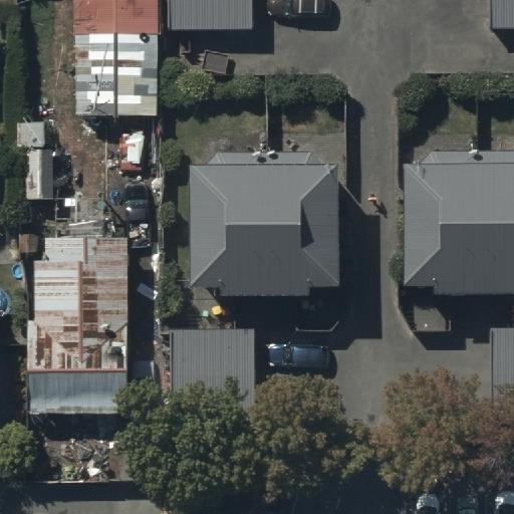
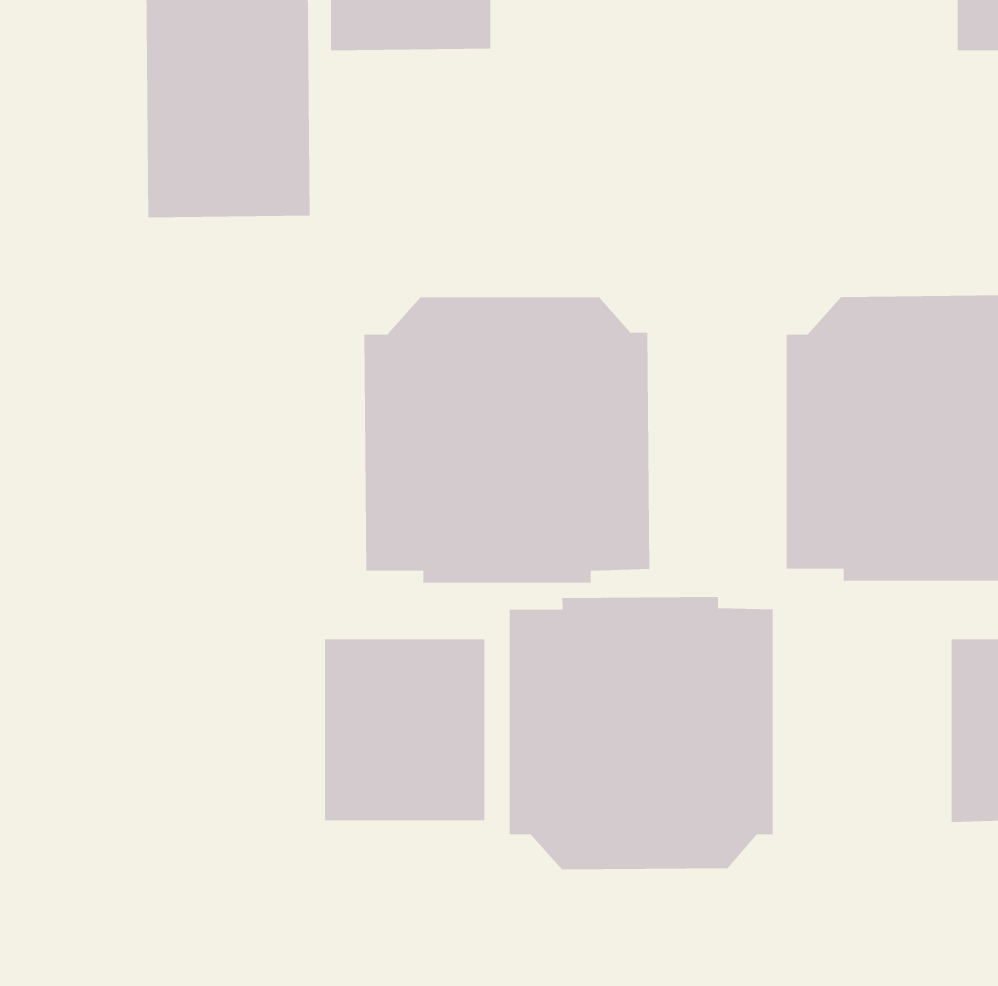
building: [31,186,131,413] -> none
building: none -> [509,596,774,870]

